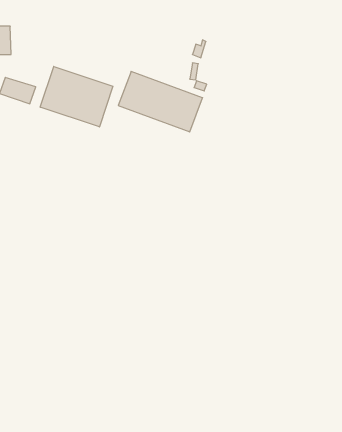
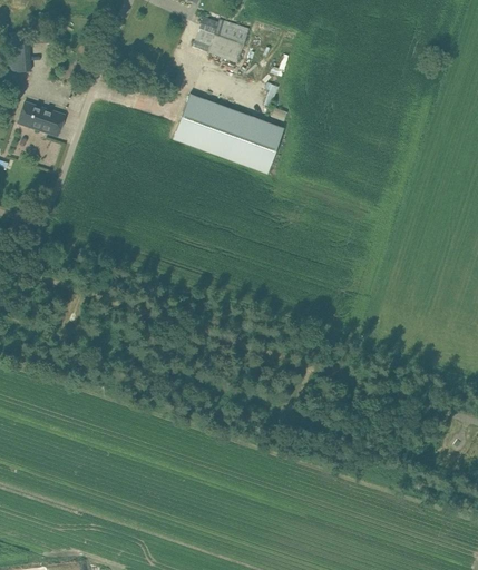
building: none -> [192,16,248,61]
building: [40,66,113,127] -> none

